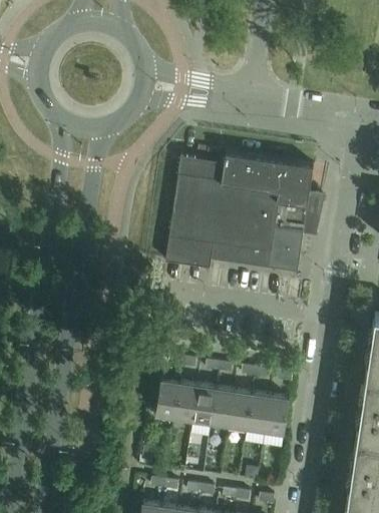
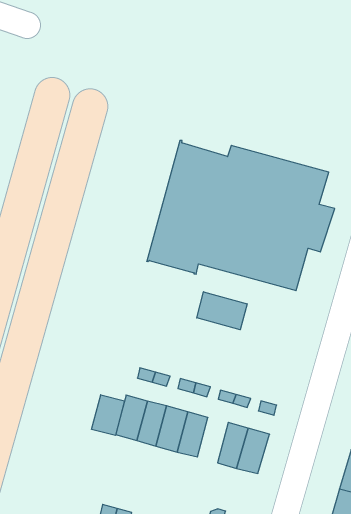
building: none -> [197,292,247,330]
building: none -> [92,395,125,435]
building: [230,391,253,429] -> none

